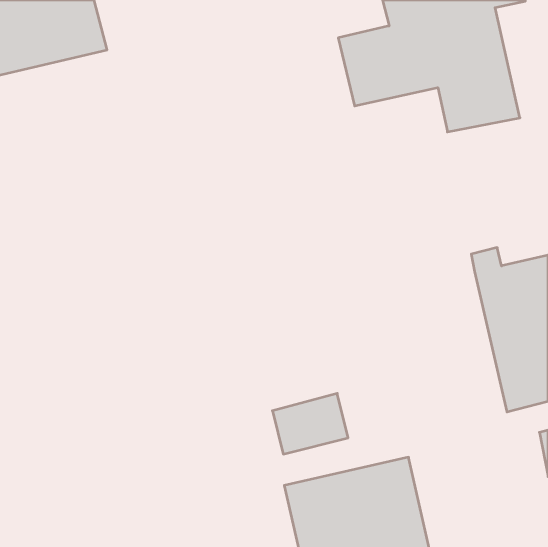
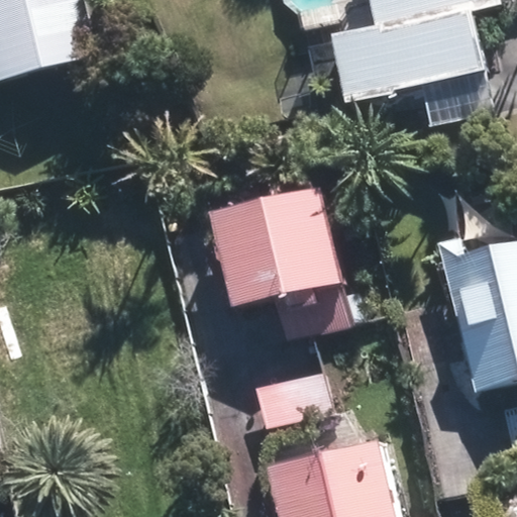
building: none -> [211,184,358,338]

